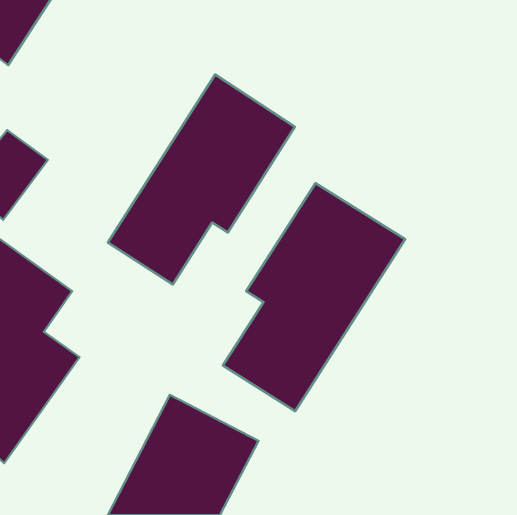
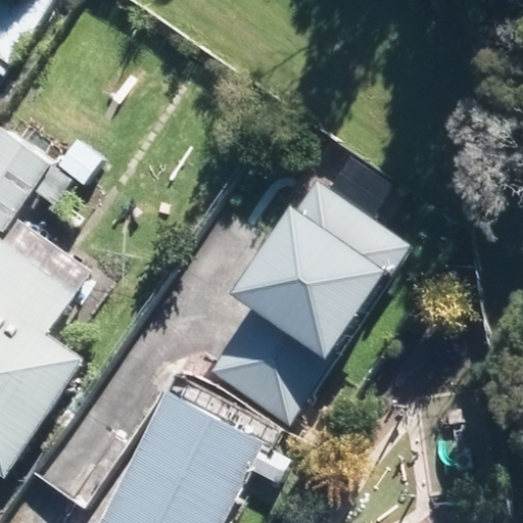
building: [108,75,295,284] -> none

